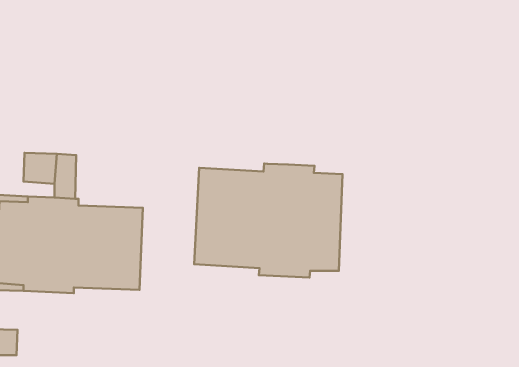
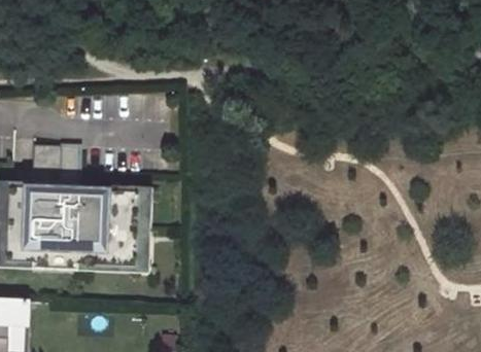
building: [194,163,343,278] -> none
building: none -> [78,183,152,271]

